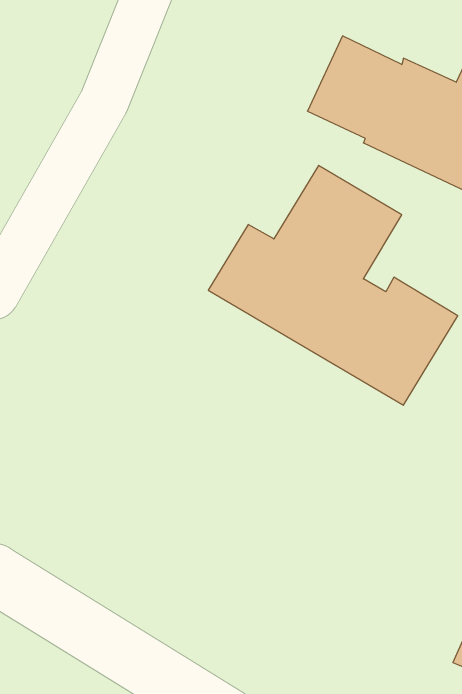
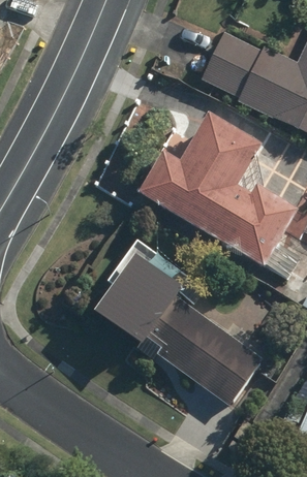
building: none -> [94,255,263,405]

